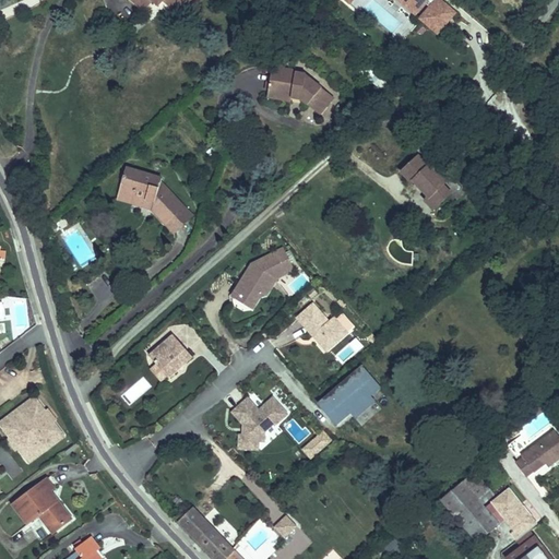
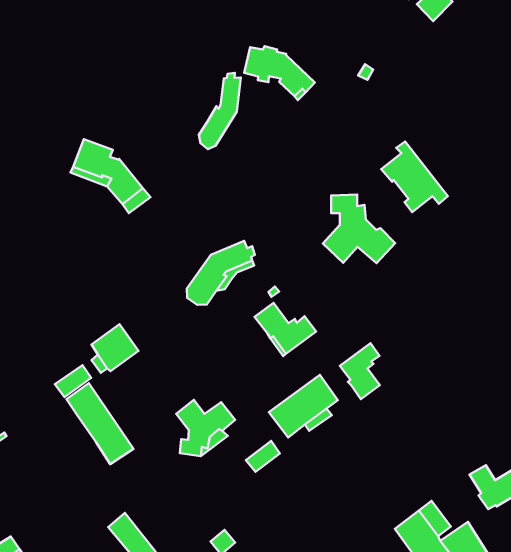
building: none -> [199,73,241,149]
building: none -> [323,195,395,263]
building: none -> [340,343,380,399]
building: none -> [67,383,134,464]

